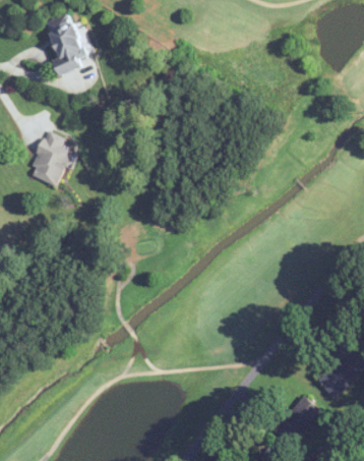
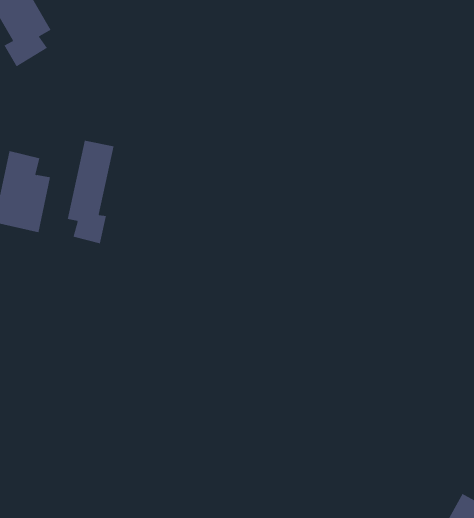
building: none -> [67,140,114,244]

